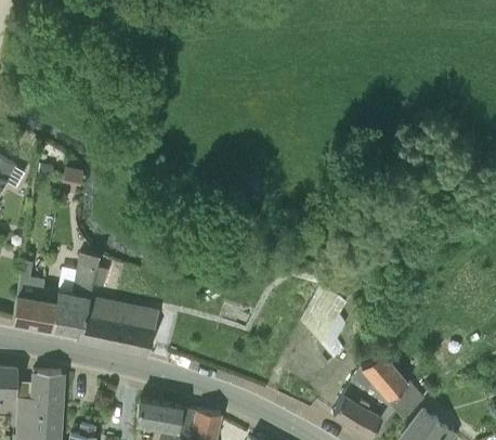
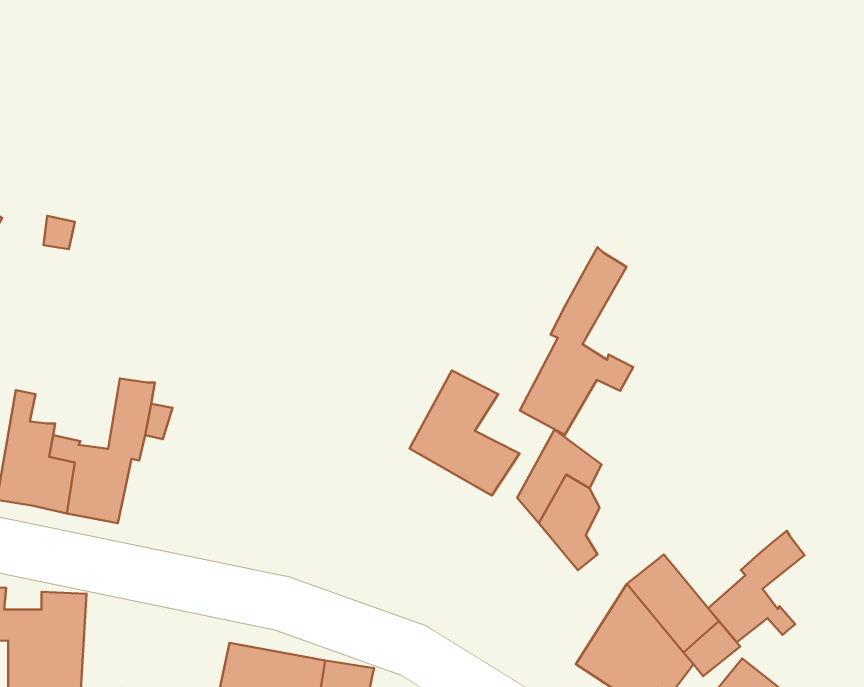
building: none -> [520,247,633,435]
building: none -> [409,370,520,495]
building: [78,297,157,354] -> none
building: none -> [708,531,805,642]

